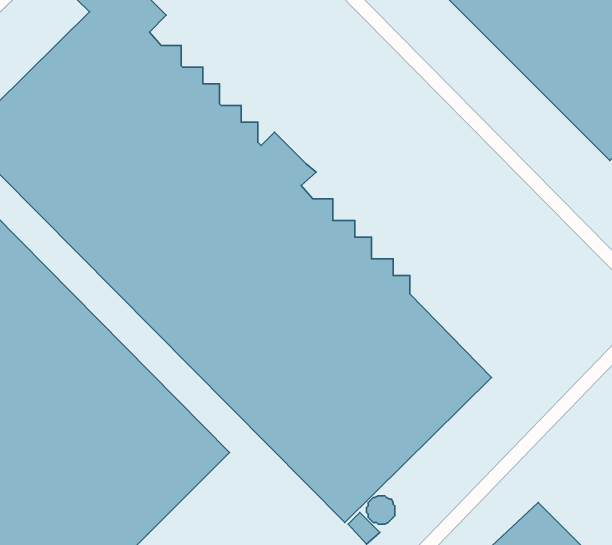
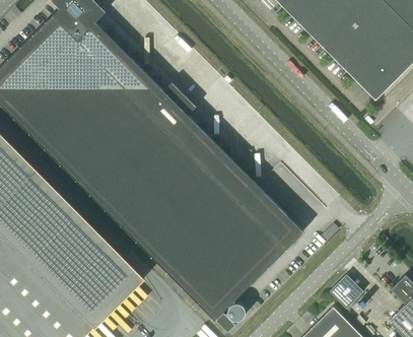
building: none -> [329,275,363,309]

